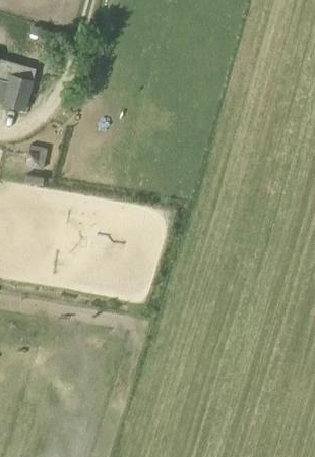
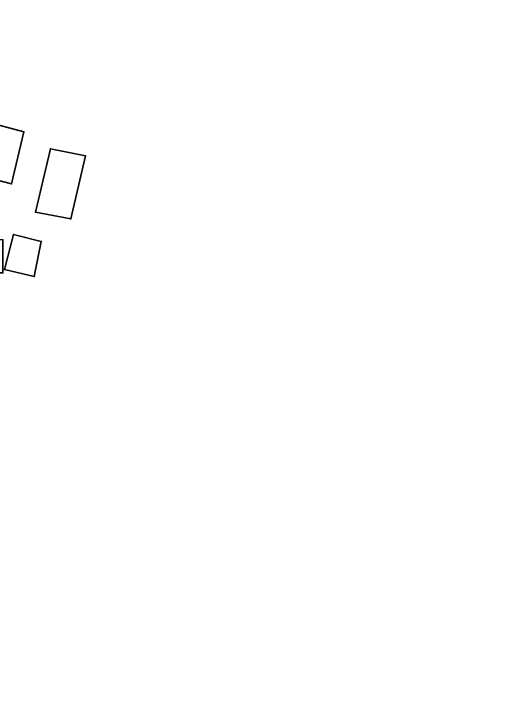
building: none -> [36,149,85,219]

